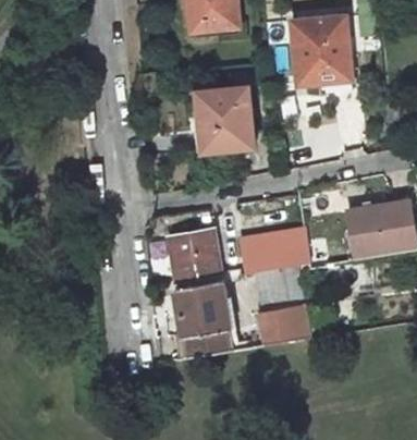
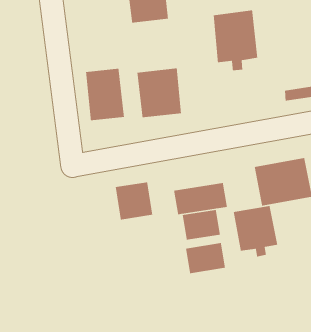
building: none -> [85,68,125,121]
building: none -> [233,205,278,257]
building: [174,280,246,357] -> none

